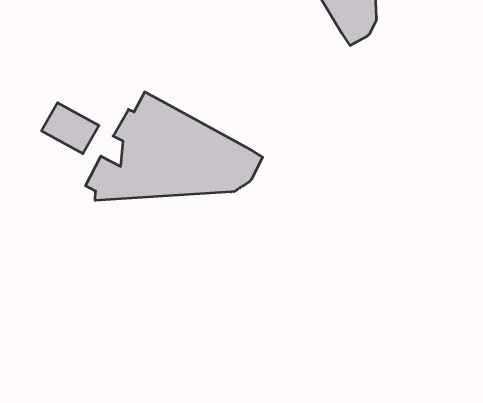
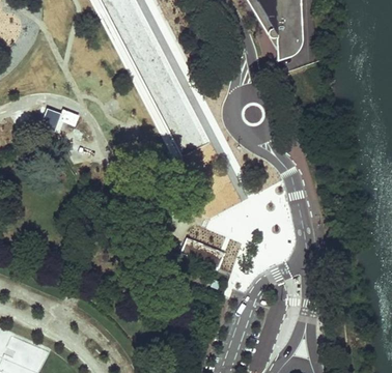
building: [86,92,263,200] -> none

